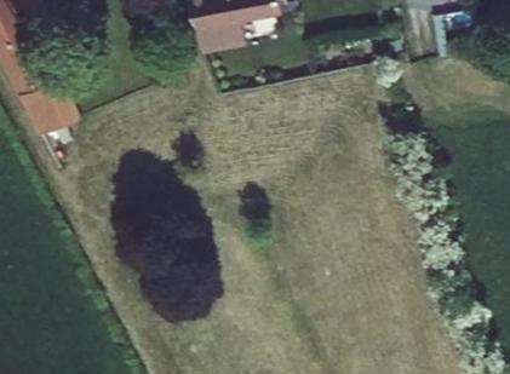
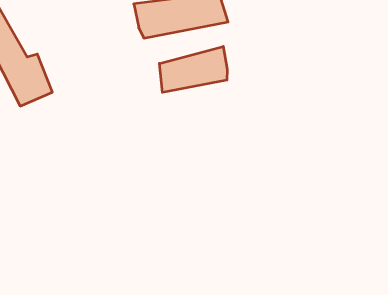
building: none -> [159,46,227,92]

